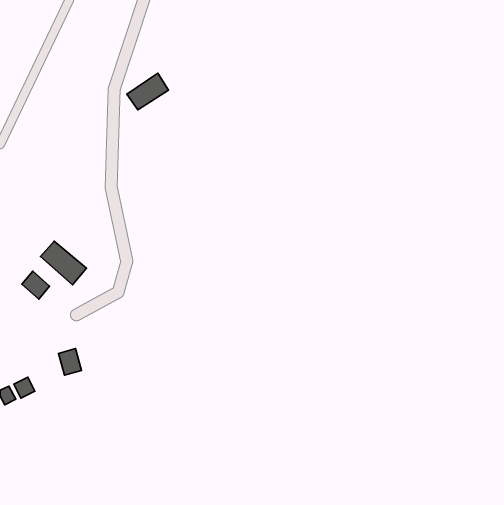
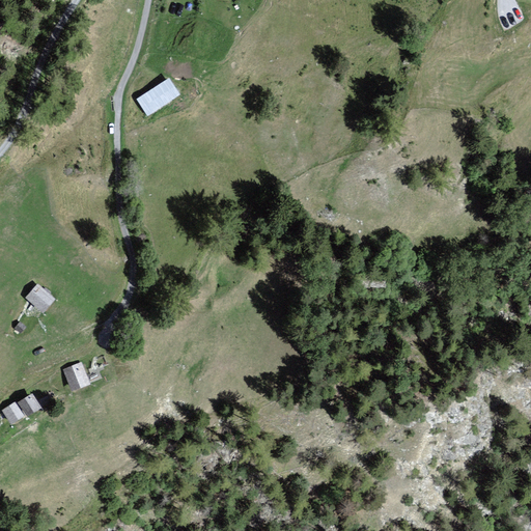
building: [40,241,86,285] -> none

